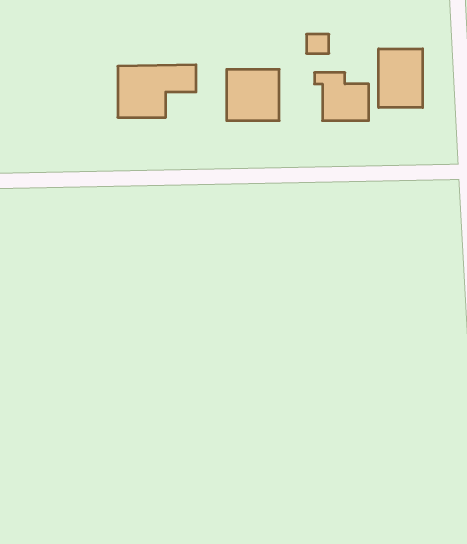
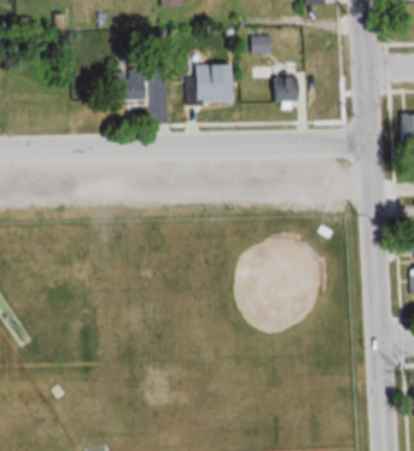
building: [379,49,423,108] -> none

